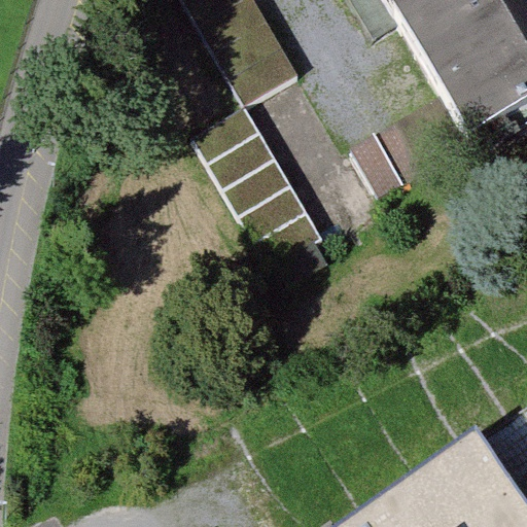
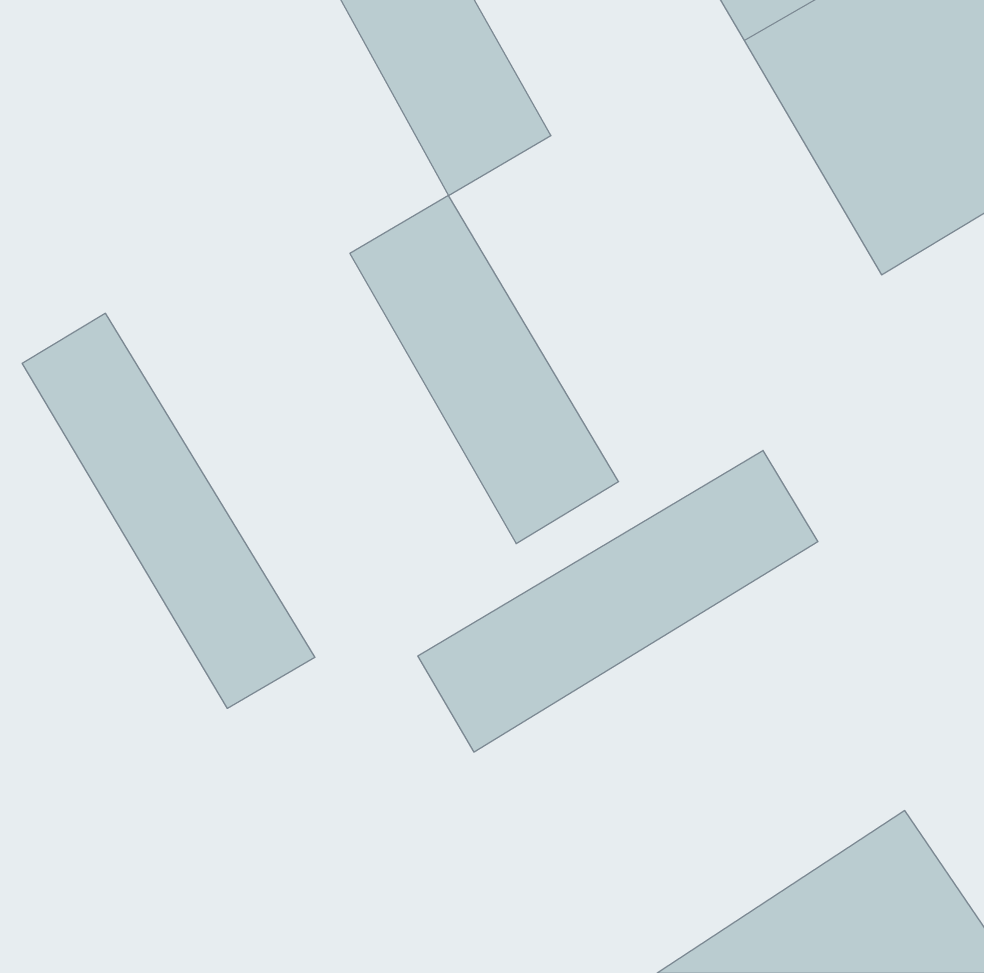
building: none -> [22,313,315,708]
building: none -> [418,450,818,752]

